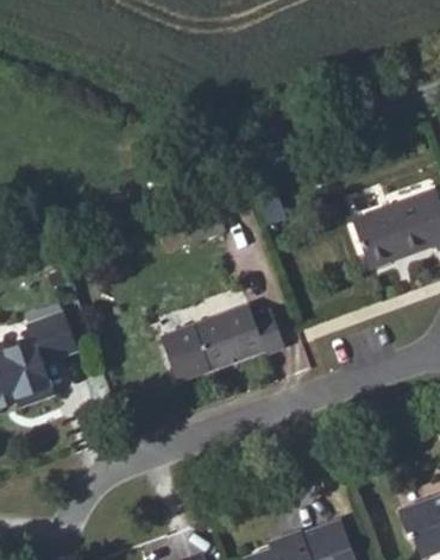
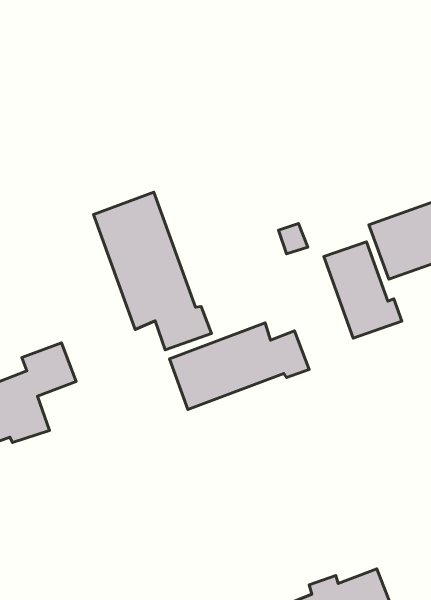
building: none -> [94,192,211,350]
building: none -> [324,242,402,338]

